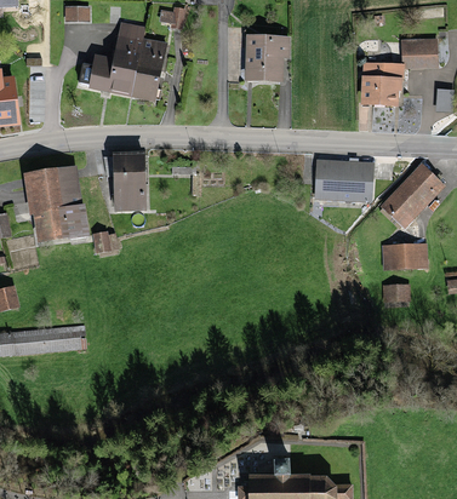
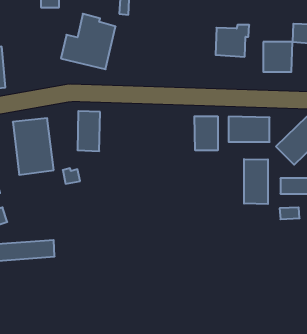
building: [242,39,287,81] -> [216,25,249,57]
building: none -> [194,116,218,150]
building: none -> [244,159,268,204]

